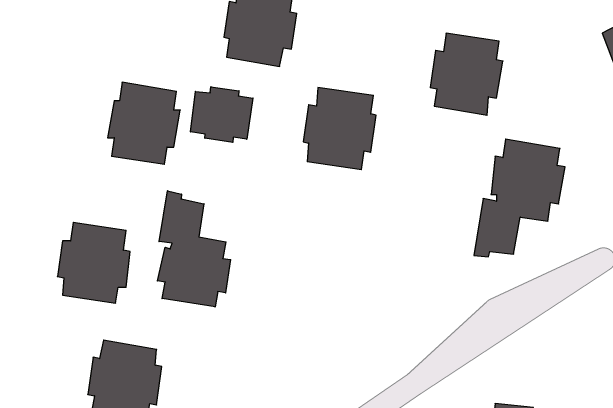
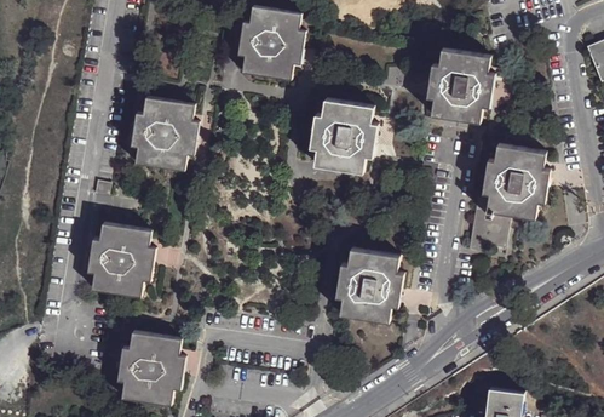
building: [191,87,253,142] -> none
building: [157,191,231,307] -> none
building: none -> [339,251,407,326]

